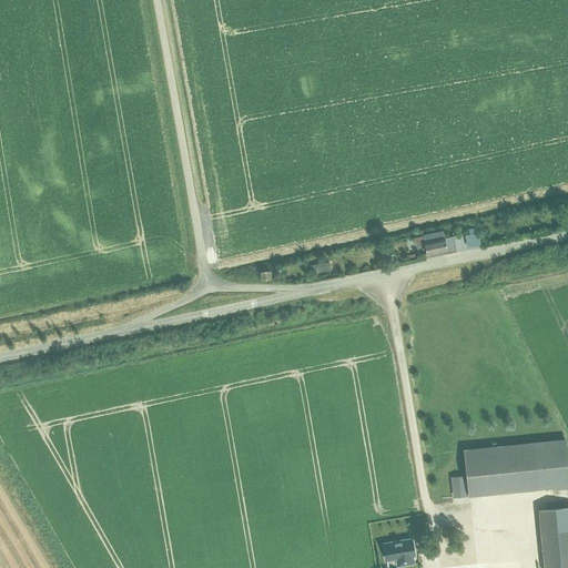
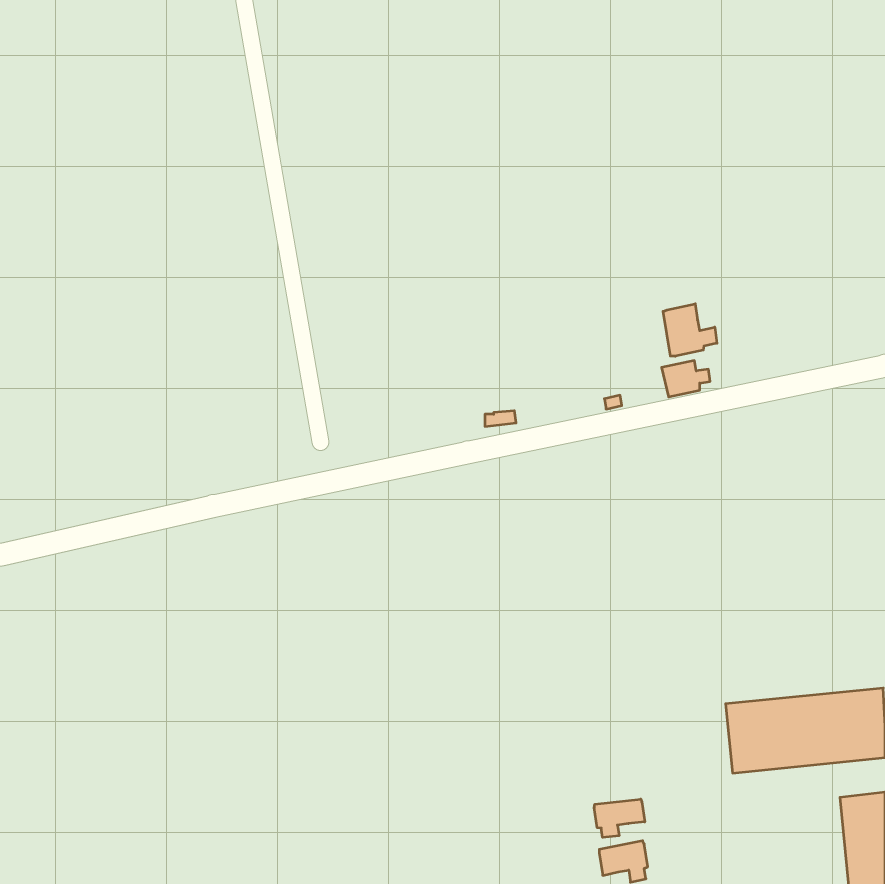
building: none -> [663,304,717,356]
building: none -> [594,799,645,837]

